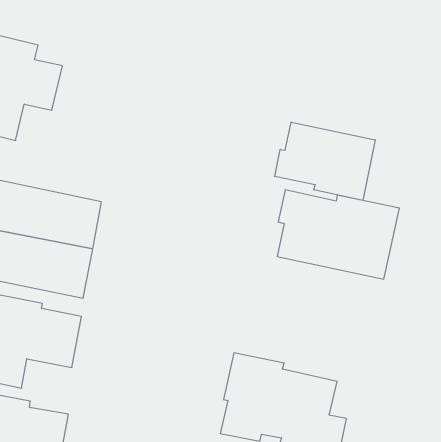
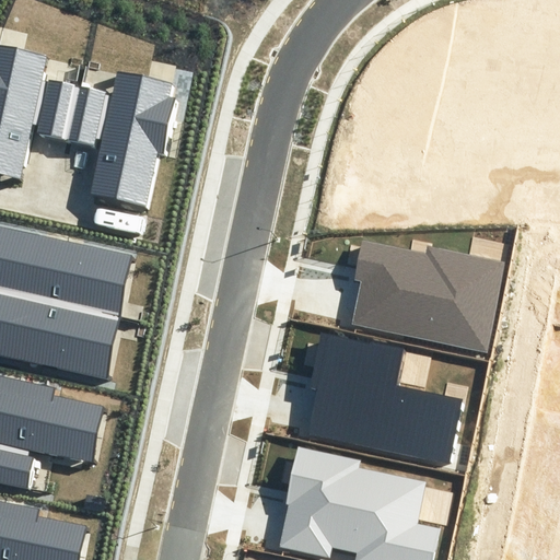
building: none -> [66,72,175,206]
building: [275,122,375,200] -> none
building: none -> [306,336,462,464]

